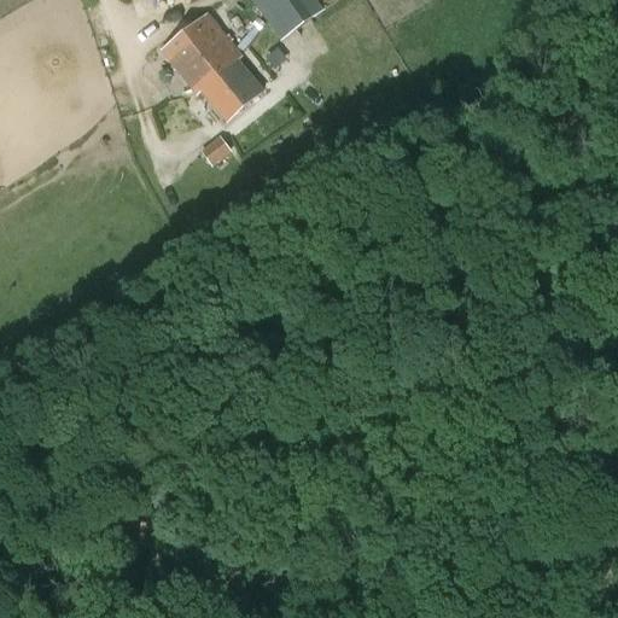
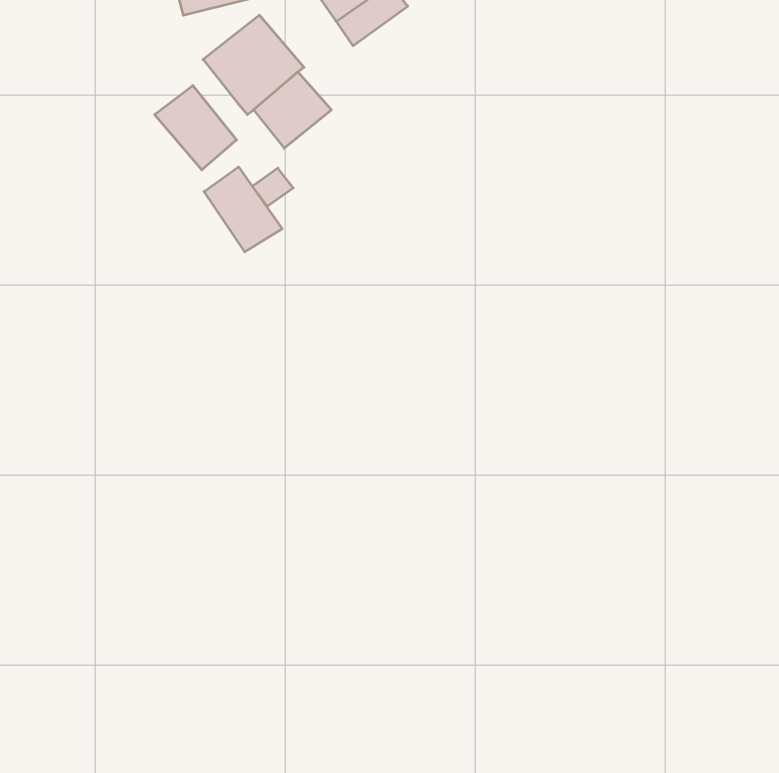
building: none -> [155,85,237,170]
building: none -> [204,167,282,252]

